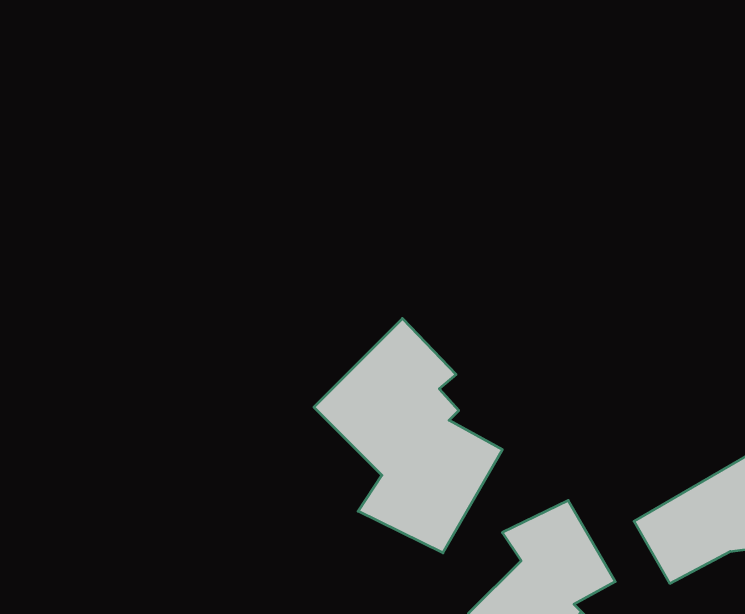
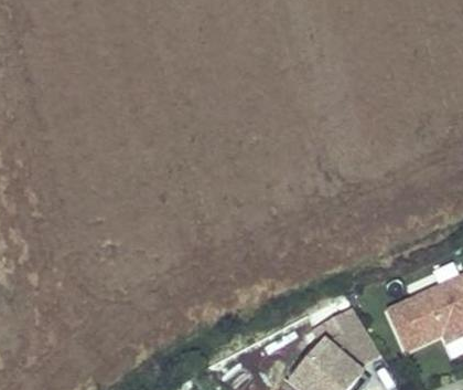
building: [314,318,502,553] -> none

